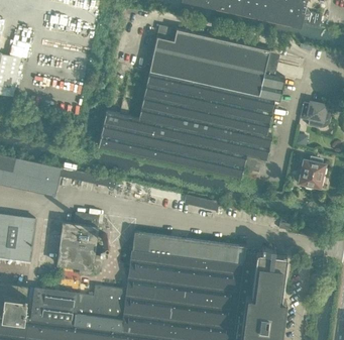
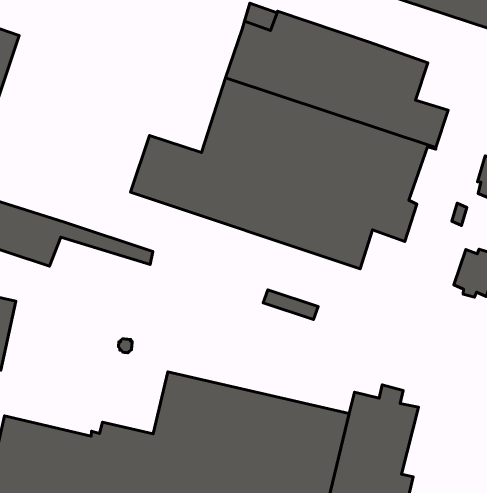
building: [53,213,107,276] -> none
building: [132,232,246,266] -> none

